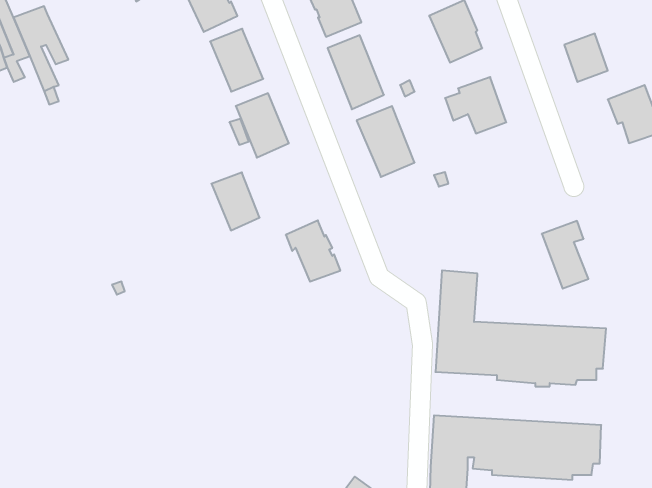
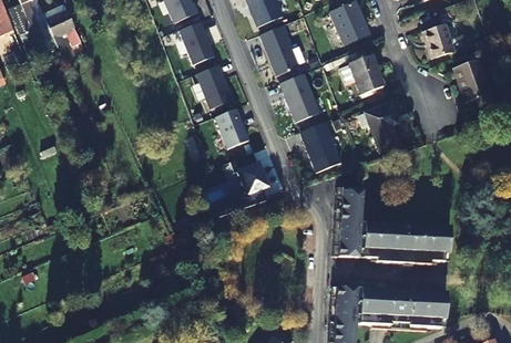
building: [211,172,260,230] -> [215,110,248,149]
building: none -> [300,123,341,173]
building: [542,221,588,289] -> [366,104,398,150]

